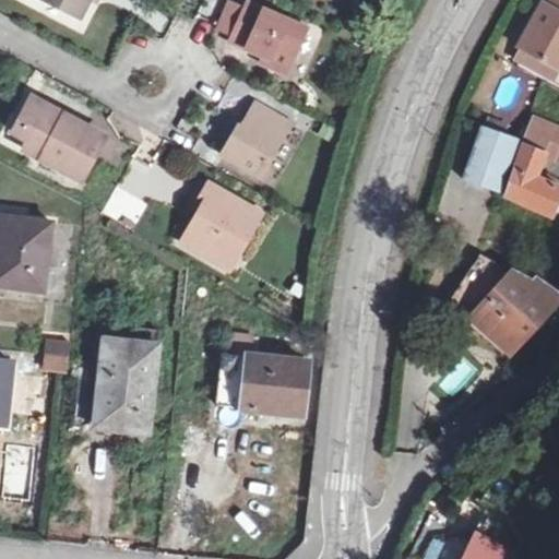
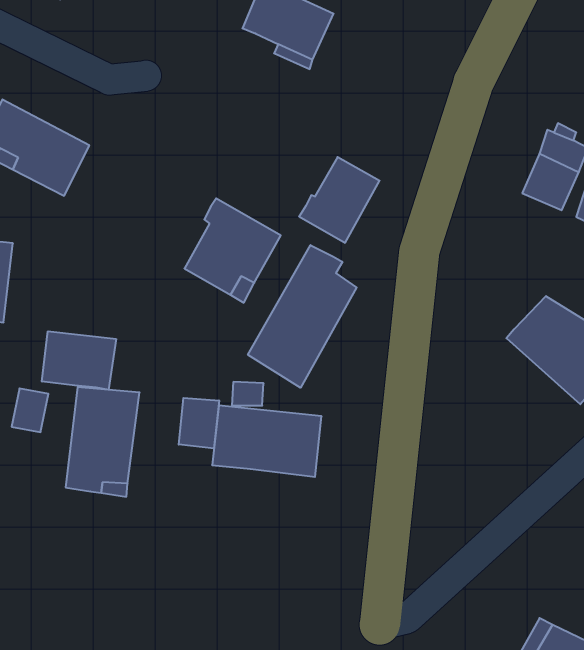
building: [225,104,292,175] -> [299,157,380,243]
building: none -> [248,245,357,388]
building: none -> [42,331,116,390]
building: none -> [179,398,219,448]

